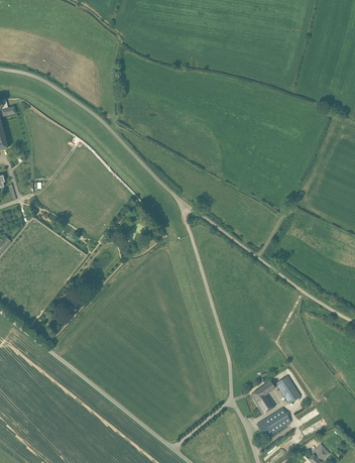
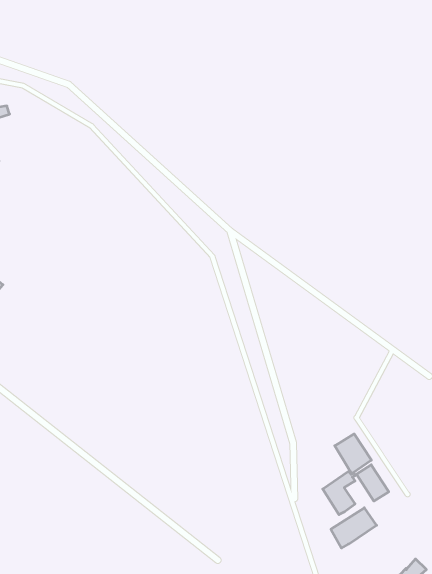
building: none -> [335,434,371,474]

